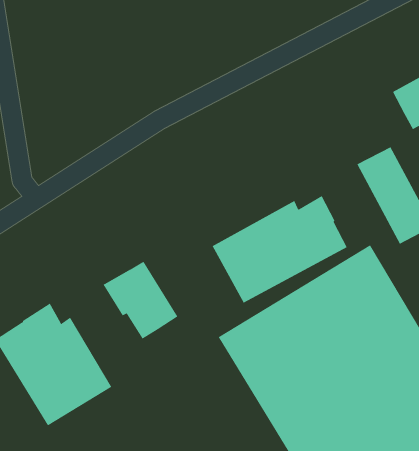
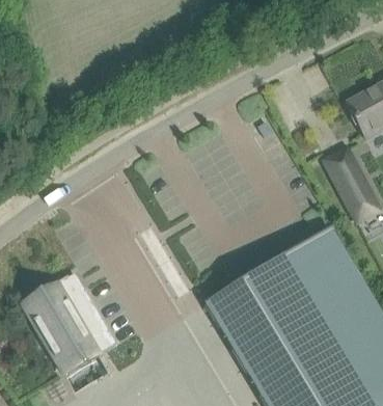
building: [212,195,347,304] -> none
building: [103,261,178,339] -> none

